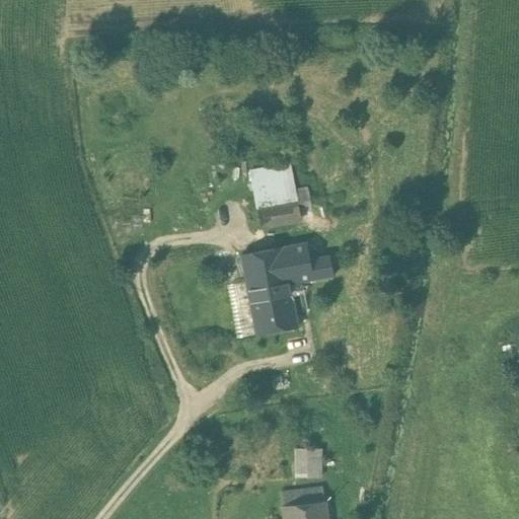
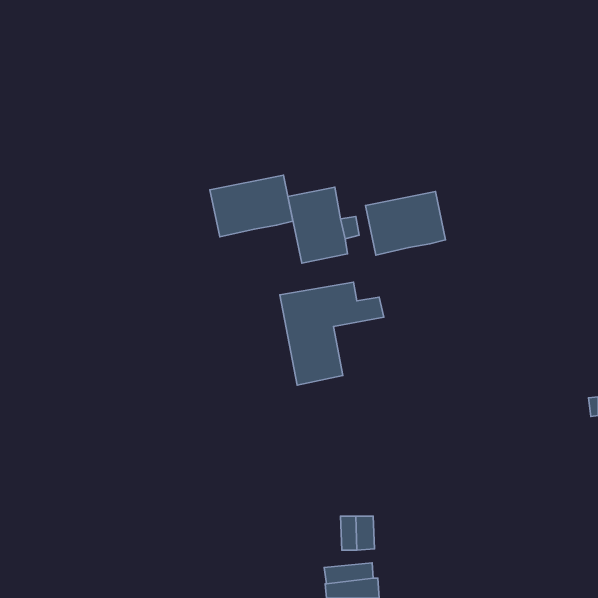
building: none -> [210,175,293,237]
building: none -> [366,191,445,255]

